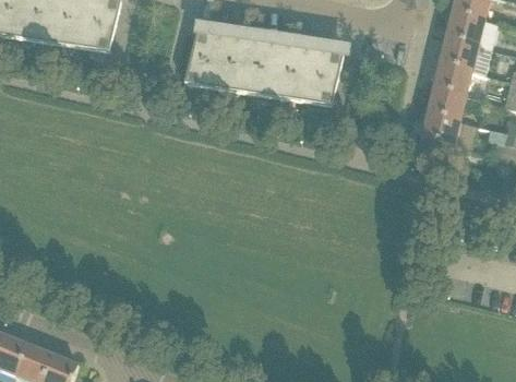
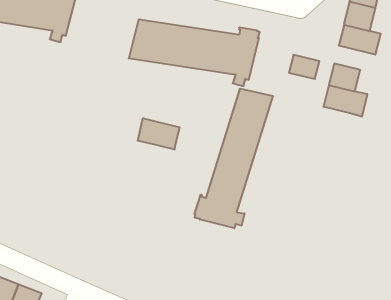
building: [434,62,471,92] -> [289,55,319,79]
building: none -> [195,89,273,228]
building: none -> [138,118,180,150]

